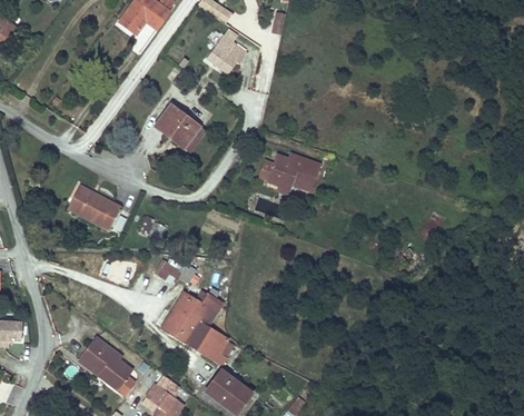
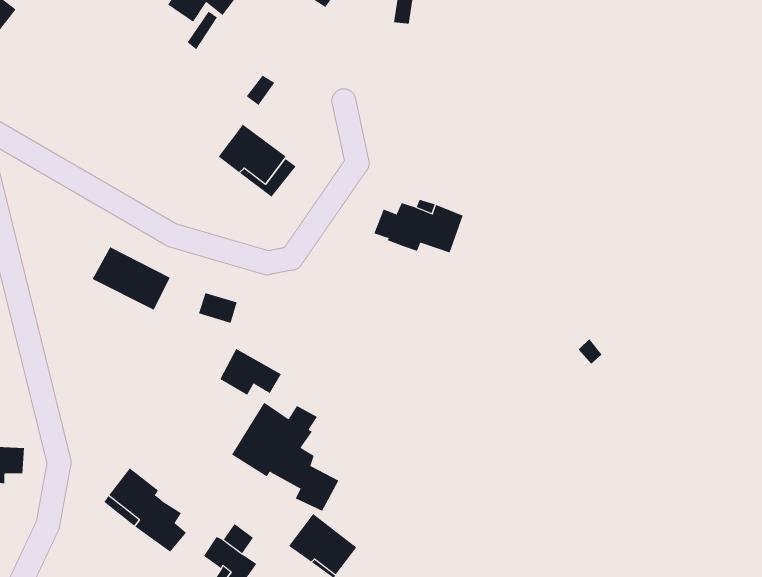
building: [208,42,247,72] -> none

